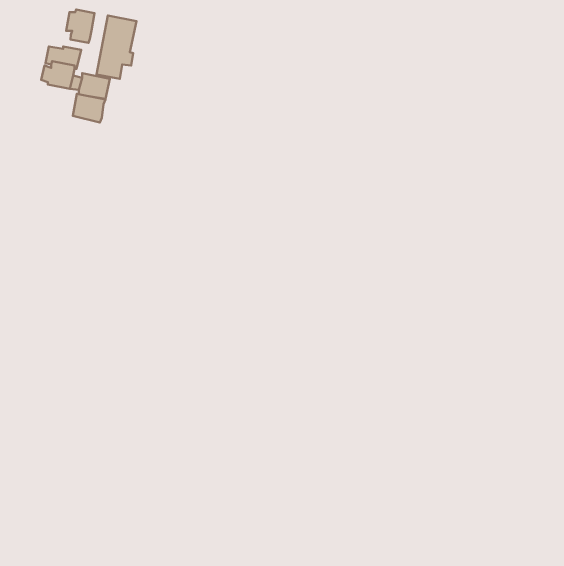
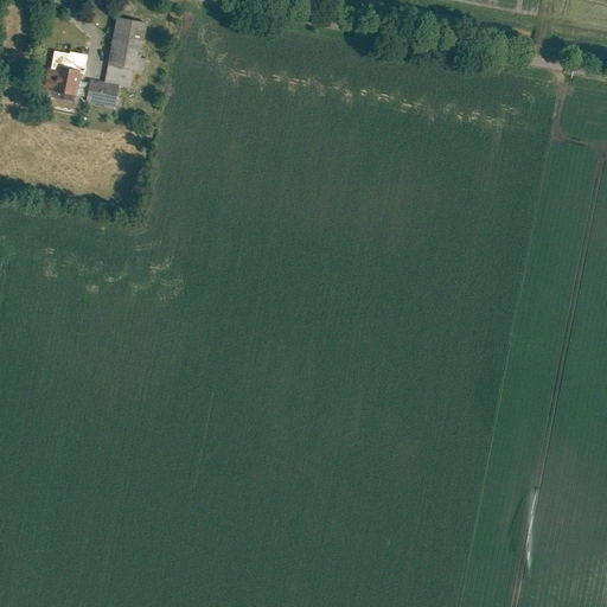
building: [66,10,94,43] -> none
building: [73,94,105,122] -> none

